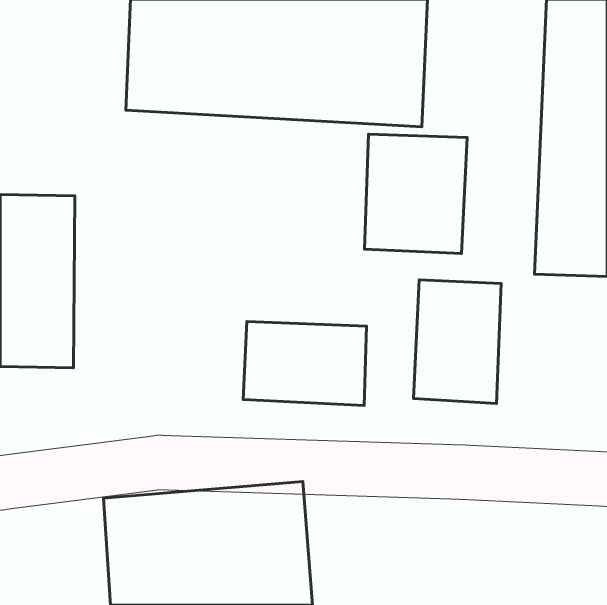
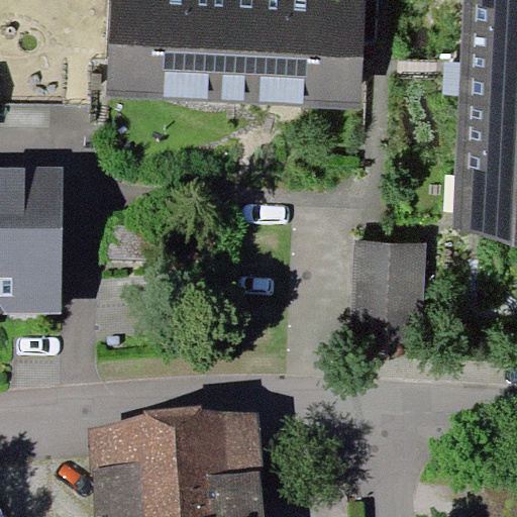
building: [364,134,467,253] -> none
building: [243,322,366,405] -> none

